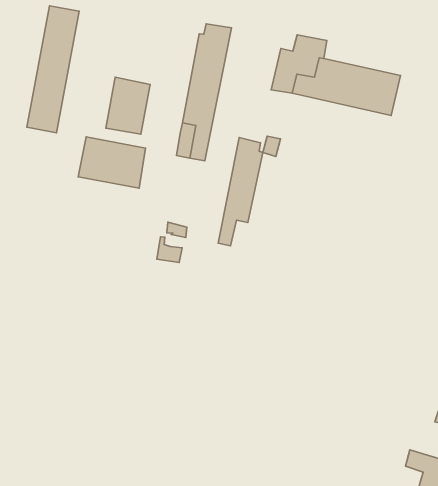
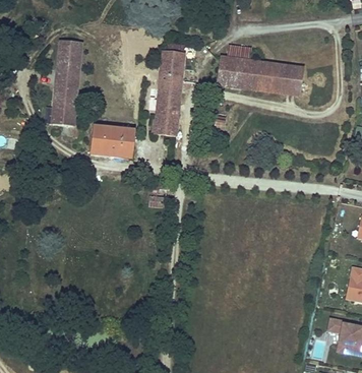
building: [106,77,150,134] -> none
building: [218,138,263,246] -> none

